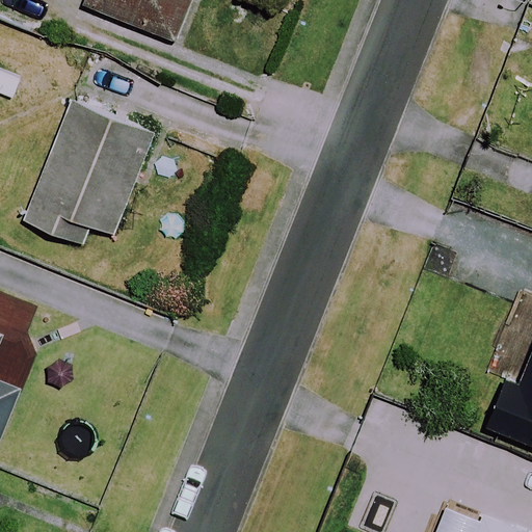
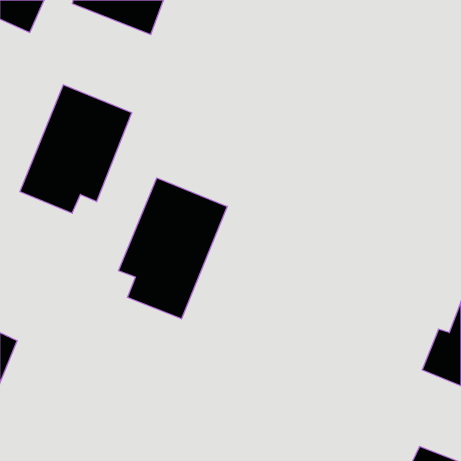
building: none -> [118,178,227,319]

